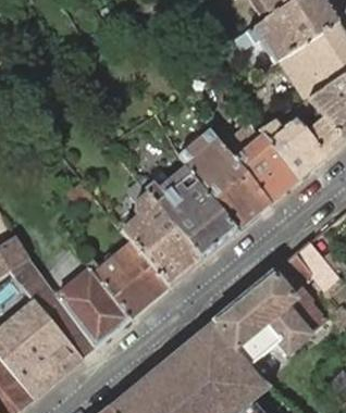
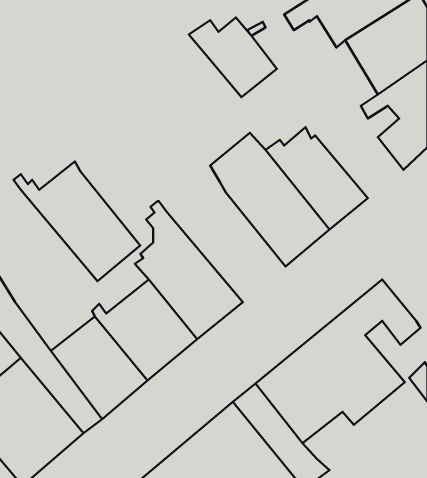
building: [259,117,326,178] -> [189,17,277,97]
building: [139,166,236,258] -> [14,161,140,281]

